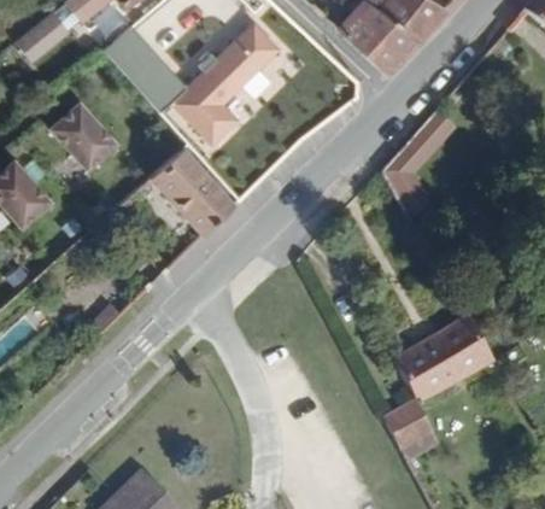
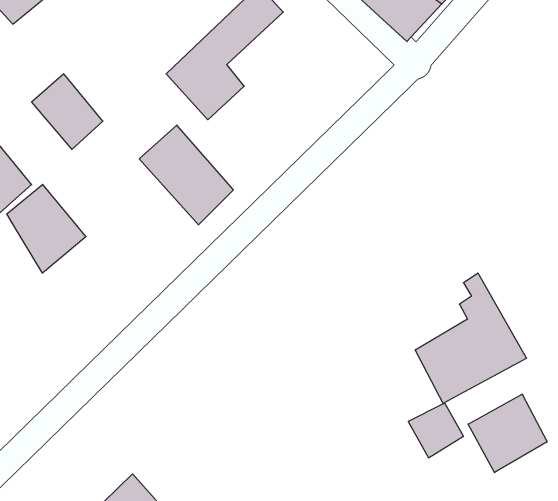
building: [386,101,459,218] -> none
building: none -> [7,184,86,273]
building: none -> [468,394,547,473]

